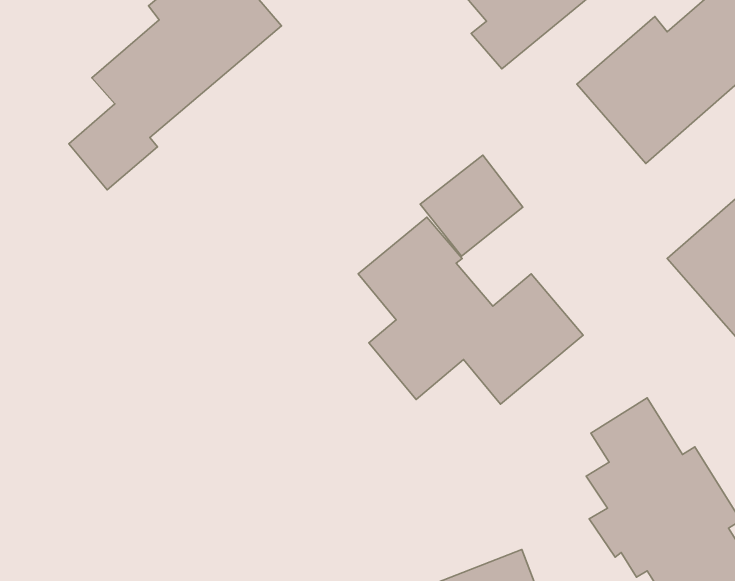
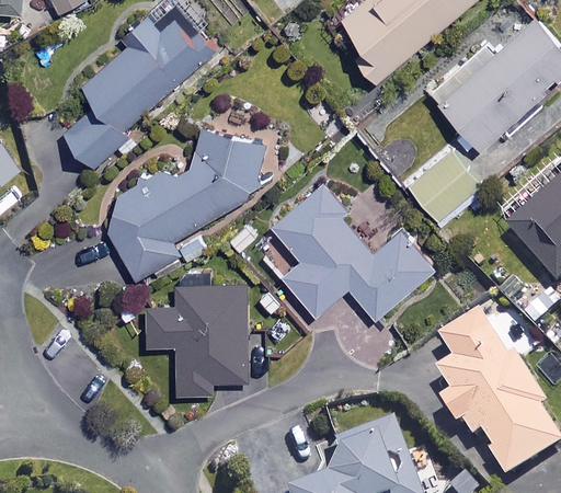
building: none -> [102,129,263,279]
building: [420,155,523,256] -> [410,152,483,225]
building: none -> [147,286,248,395]

